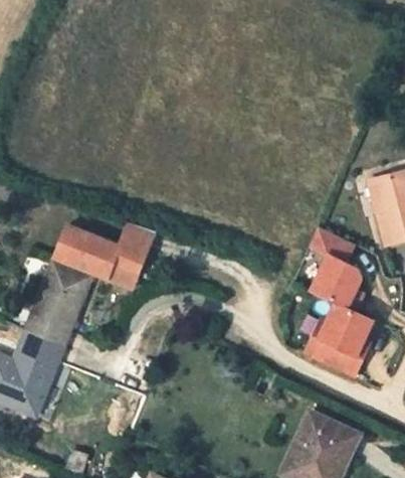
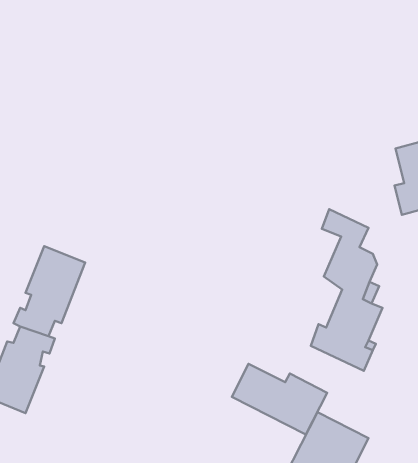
building: [56,222,156,288] -> none
building: none -> [232,364,327,435]

